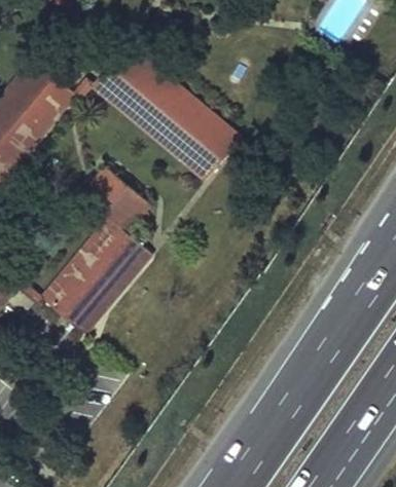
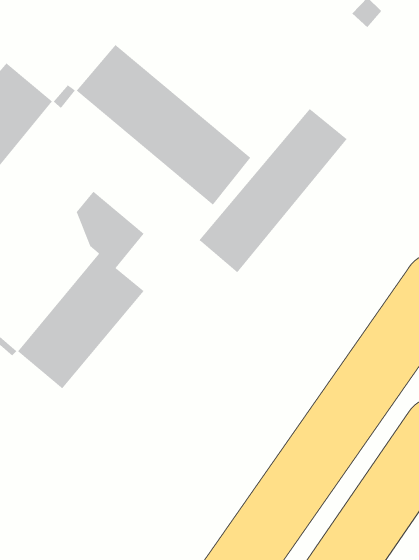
building: none -> [198,108,348,273]

